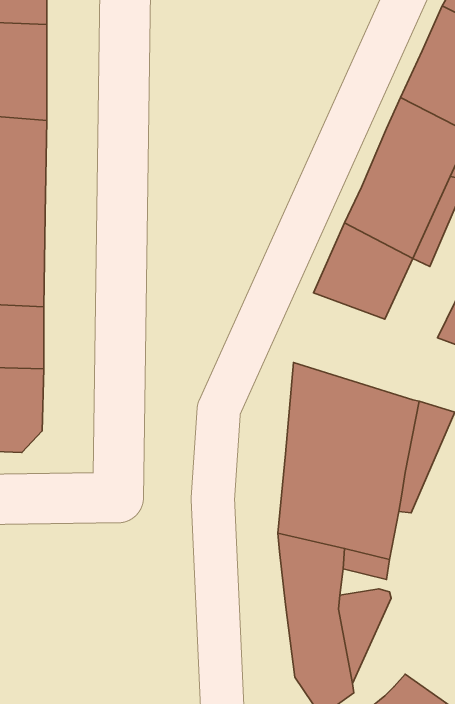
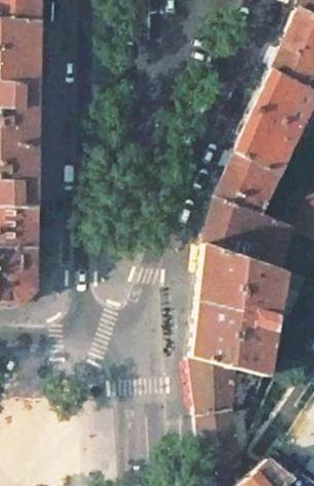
building: none -> [198,198,290,269]

